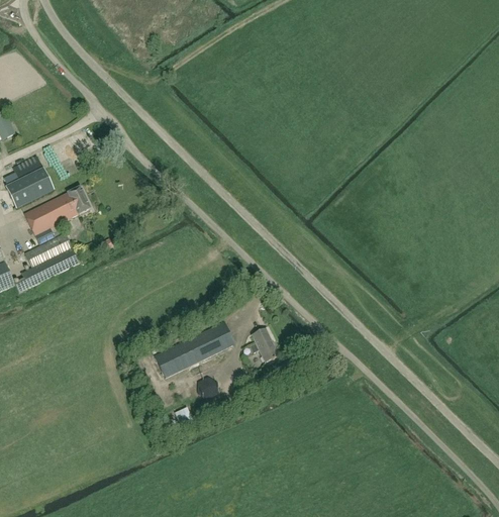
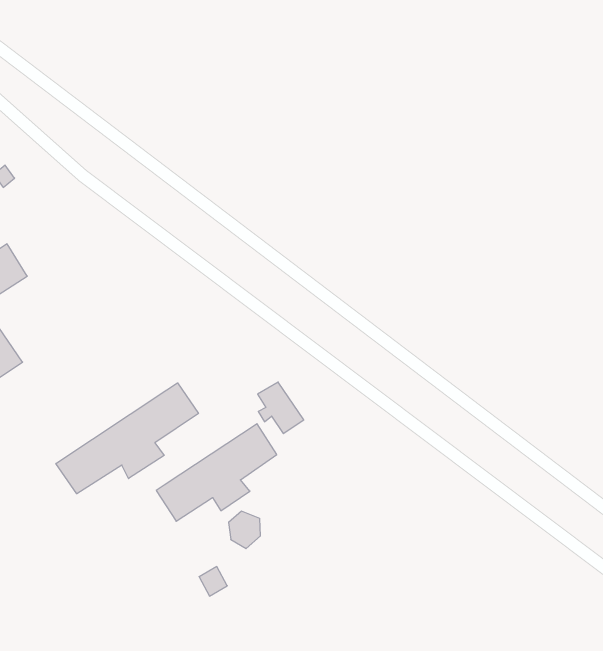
building: none -> [56,383,198,494]
building: [249,328,278,361] -> [258,382,304,434]

